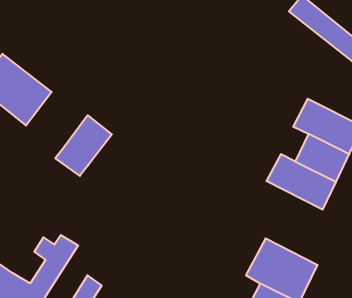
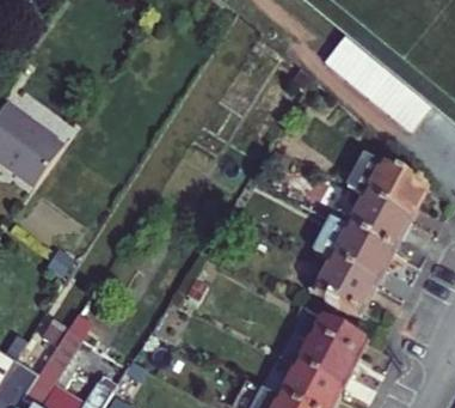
building: [55,115,112,176] -> none
building: none -> [315,256,379,312]

